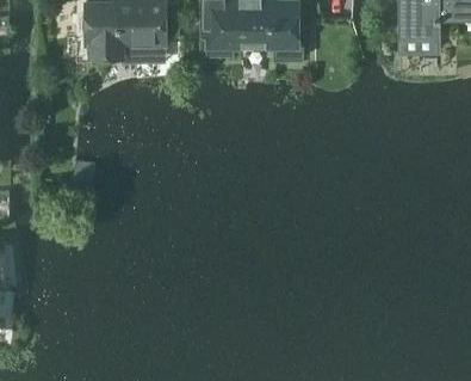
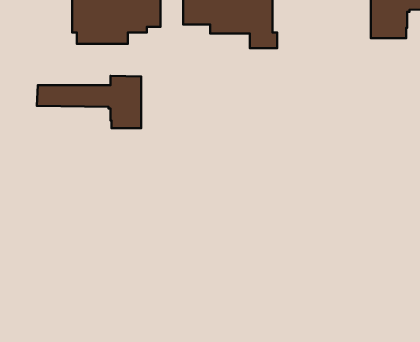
building: none -> [37,76,141,128]

